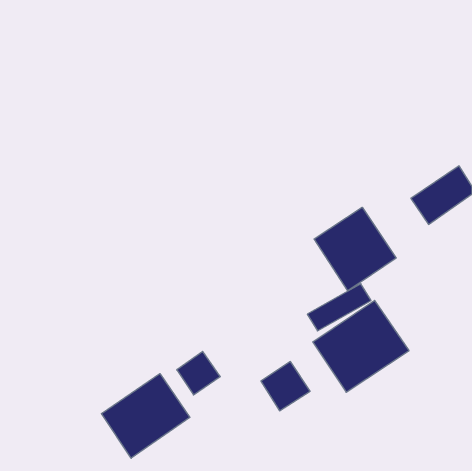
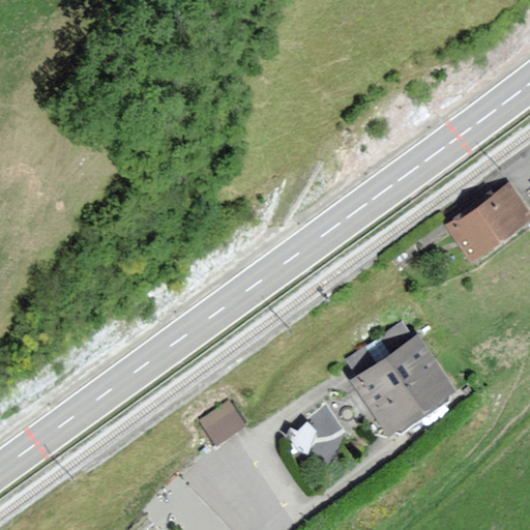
building: [314,207,396,291] -> none
building: [101,374,190,458] -> none

